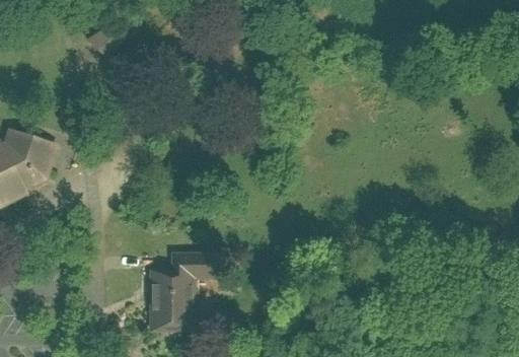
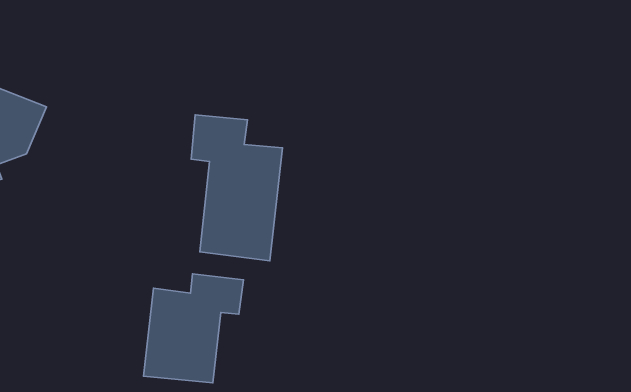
building: none -> [191,115,282,261]

